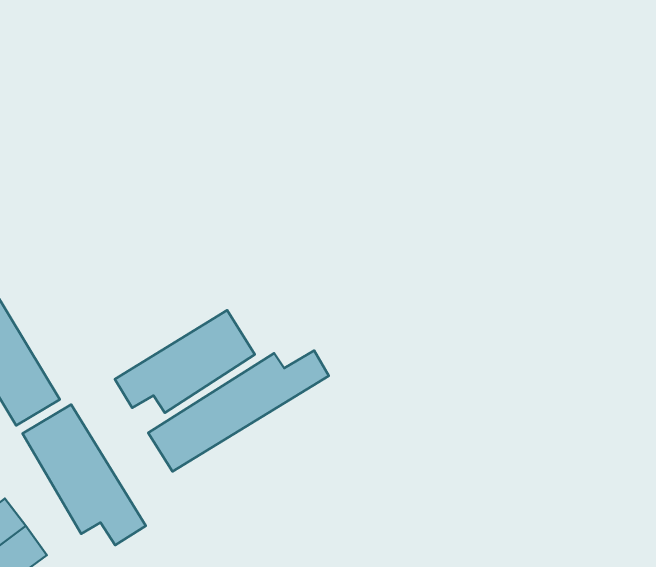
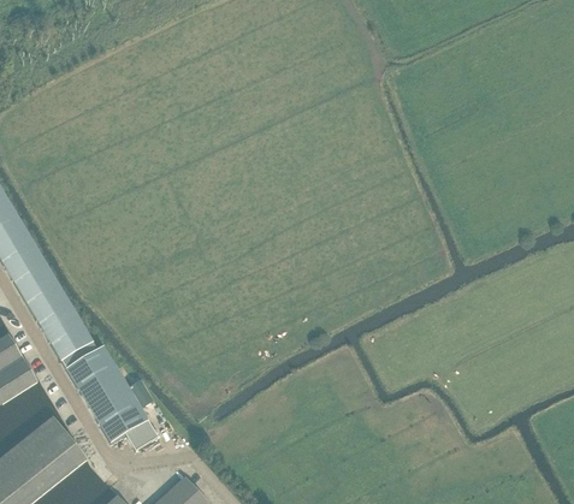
building: [115,310,255,413] -> none
building: [148,350,329,472] -> none

